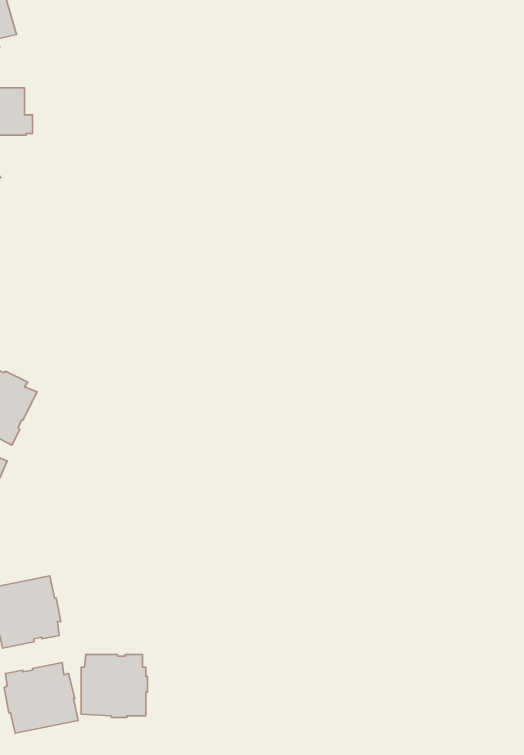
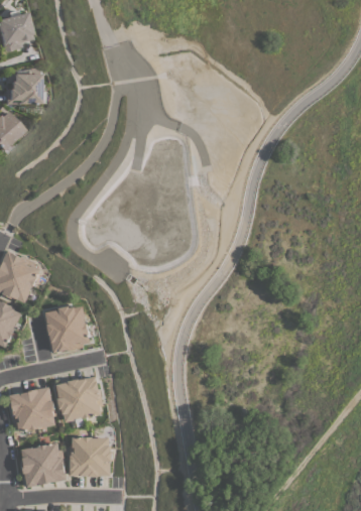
building: none -> [45,306,91,353]
building: none -> [56,376,103,423]

